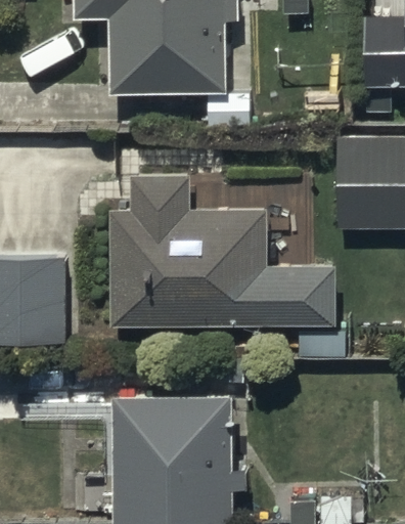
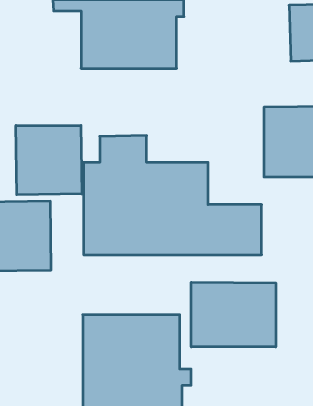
building: none -> [16,125,82,195]
building: none -> [191,282,276,347]

